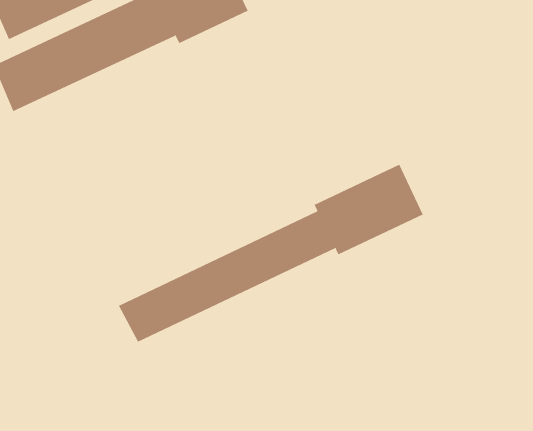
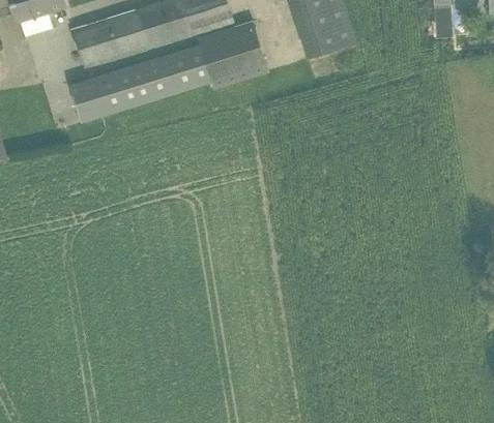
building: [118,164,424,343] -> none

